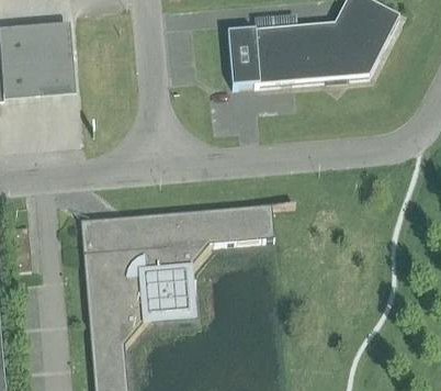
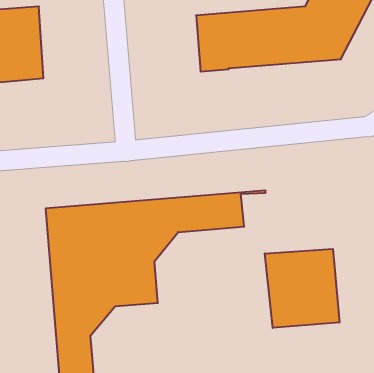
building: none -> [265,249,340,328]

